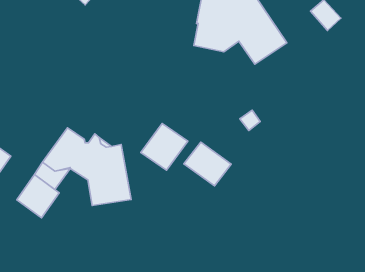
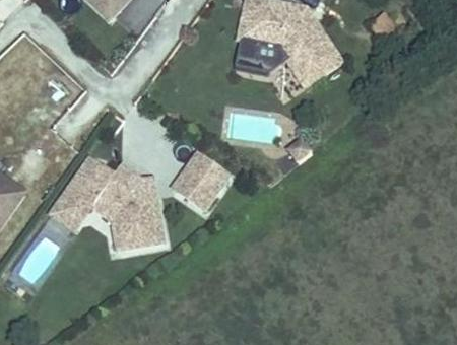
building: [184,142,231,186] -> none
building: [17,175,59,218] -> none

